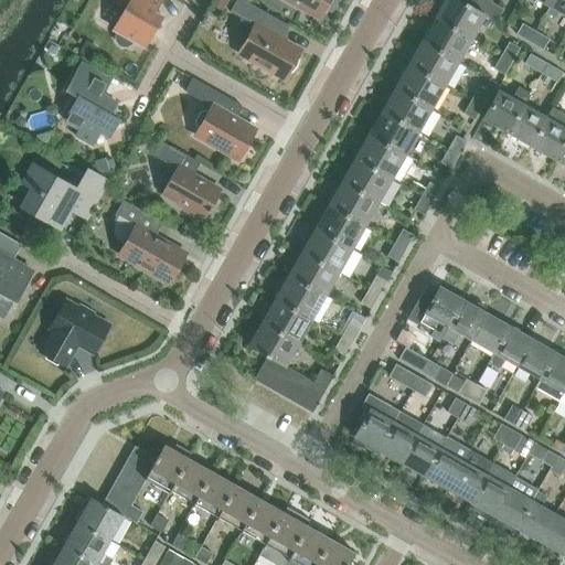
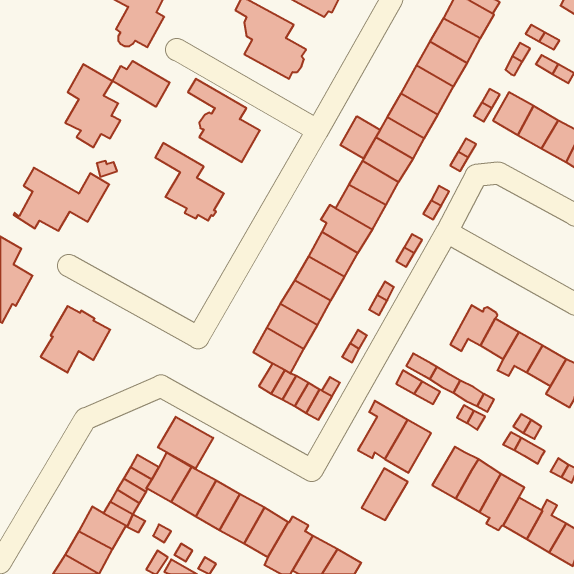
building: none -> [113,61,170,107]
building: none -> [340,116,380,159]
building: [114,200,185,281] -> none
building: [411,284,463,340] -> none
building: none -> [158,417,213,469]
building: [402,425,447,476] -> [362,468,408,520]

